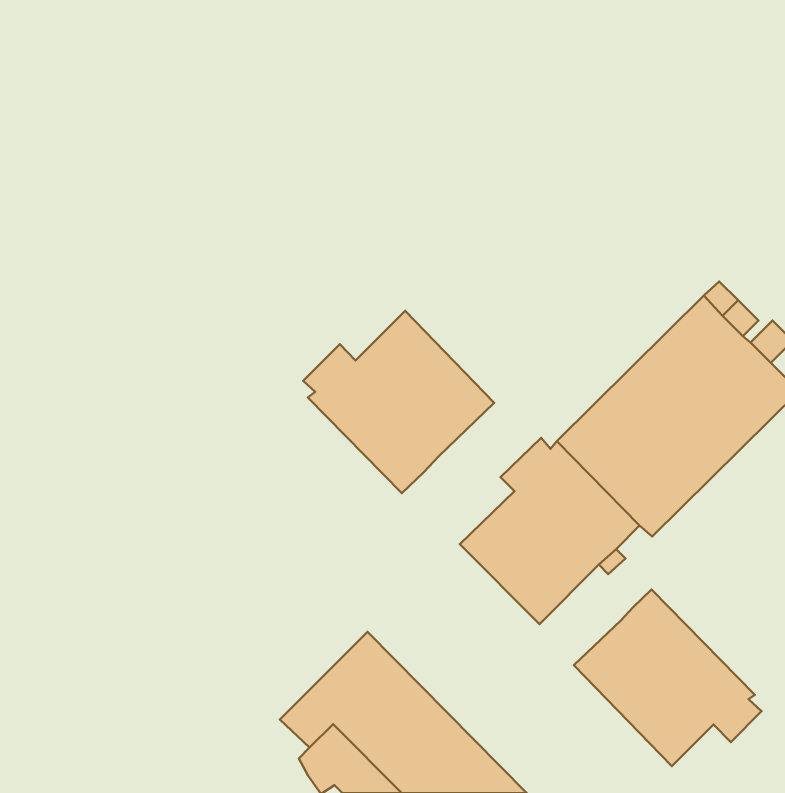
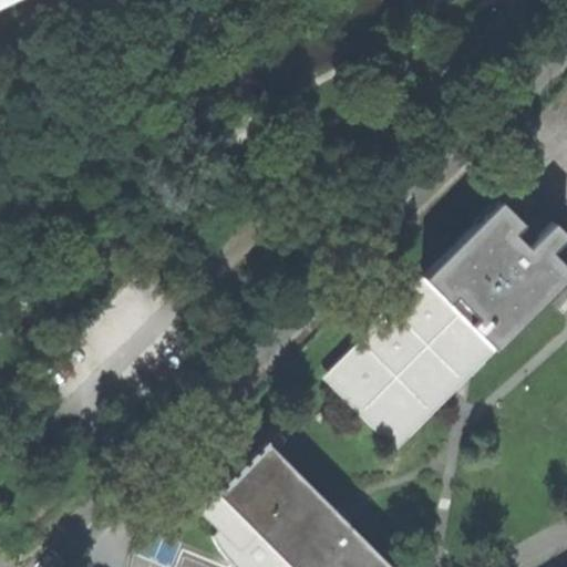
building: [303,311,494,493] -> none
building: [574,589,761,766] -> none

